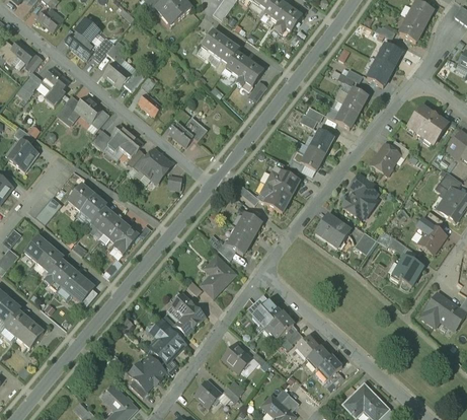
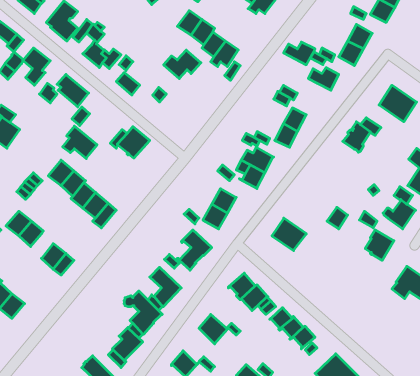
building: [326,104,359,128] -> [284,42,315,65]
building: [169,117,208,146] -> [164,50,201,79]
building: [107,124,143,157] -> [63,126,97,159]
building: [342,172,377,219] -> none
building: [315,214,351,248] -> [272,218,306,251]
building: [44,260,73,285] -> none

